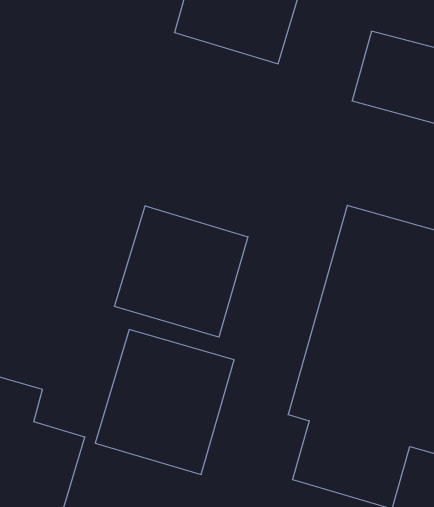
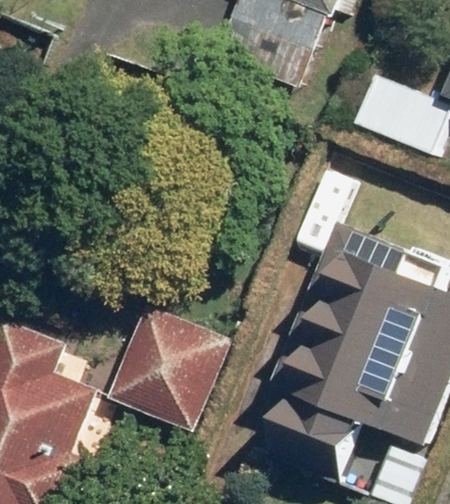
building: [115,206,248,337] -> none

